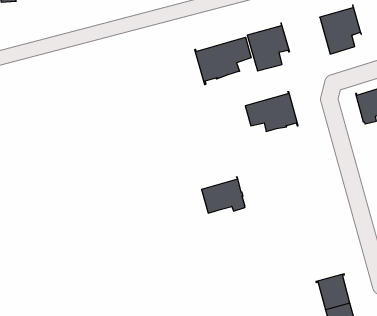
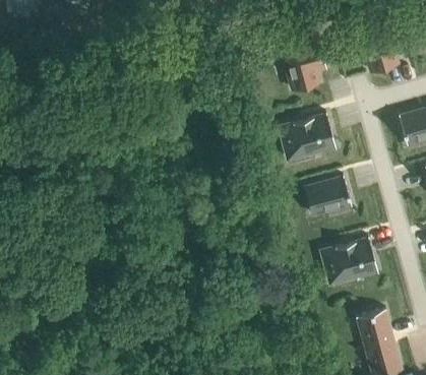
building: [195,37,251,85] -> none
building: [202,177,245,213] -> [304,176,351,214]
building: none -> [320,237,377,279]

